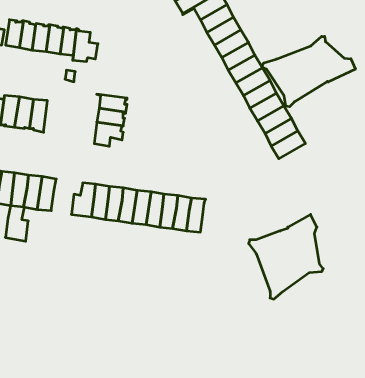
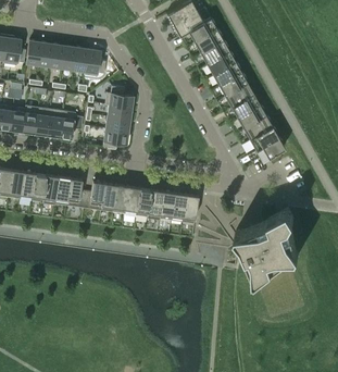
building: [262,36,355,107] -> none
building: none -> [105,87,133,109]
building: none -> [60,111,84,139]
building: [5,206,28,241] -> [66,178,86,209]

